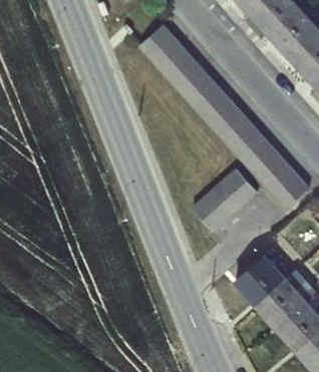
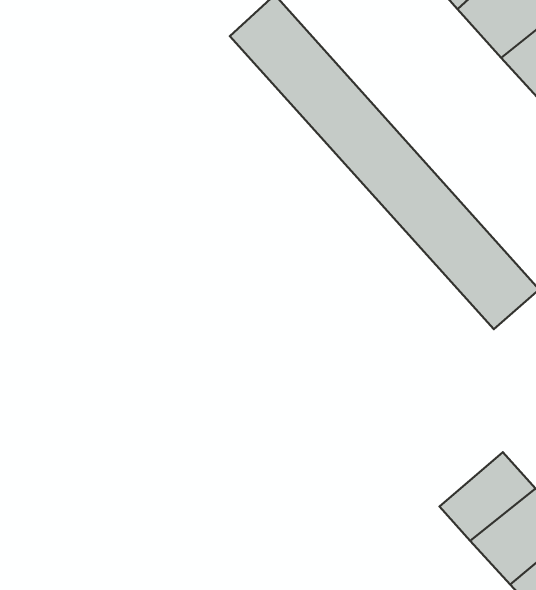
building: [191,168,258,233] -> none
building: [233,253,290,309] -> none

